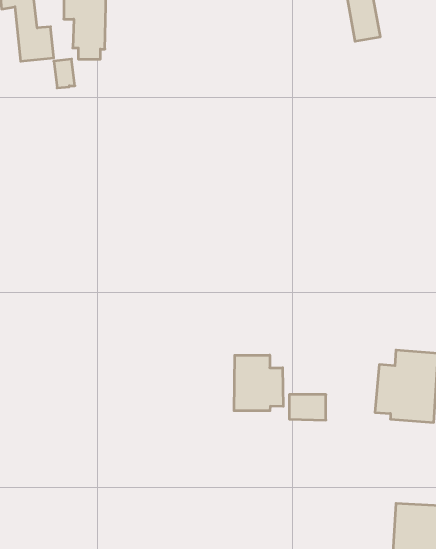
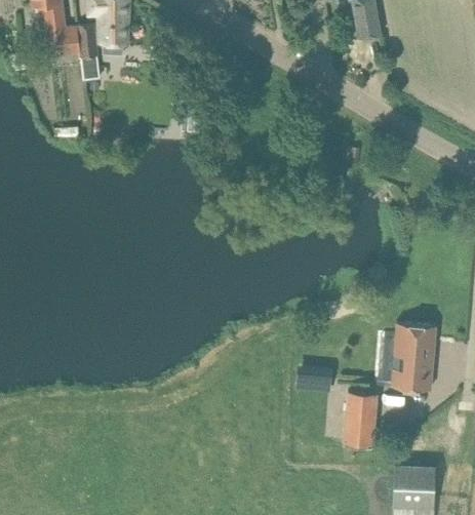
building: none -> [77,25,96,58]
building: [234,355,283,411] -> none
building: none -> [343,392,378,445]

